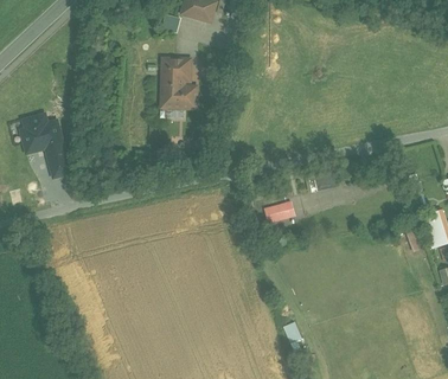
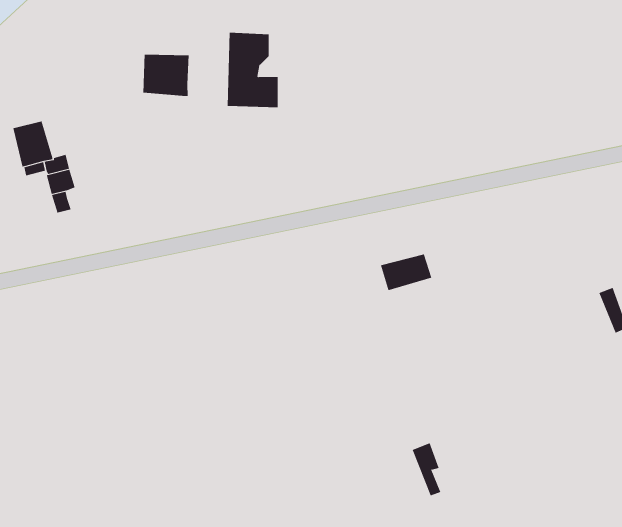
building: none -> [143,54,189,97]

